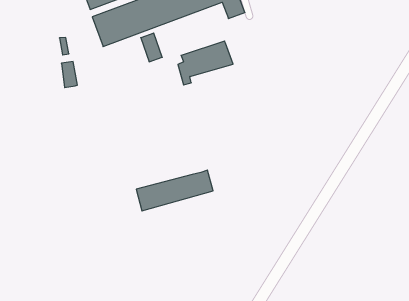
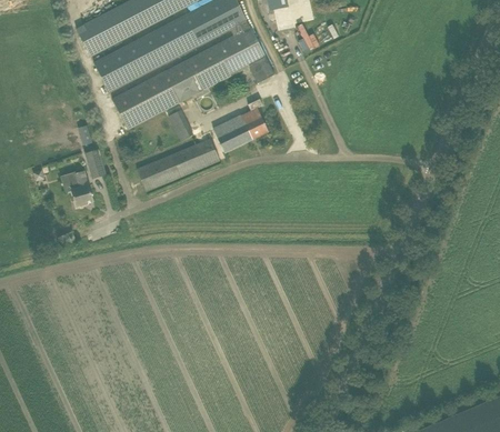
building: none -> [60,171,93,207]
building: [136,170,213,211] -> [137,139,219,191]

